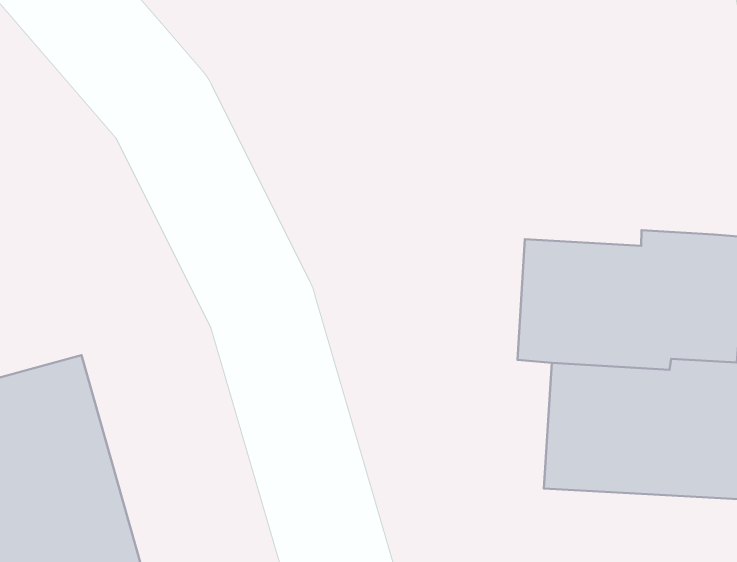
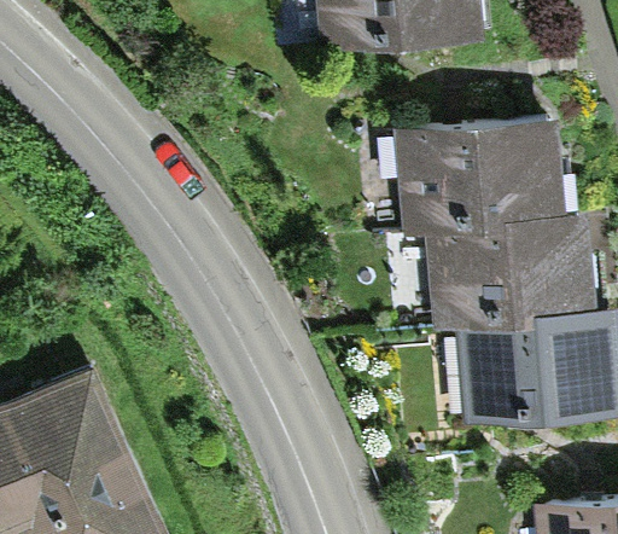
building: none -> [397,121,567,236]

